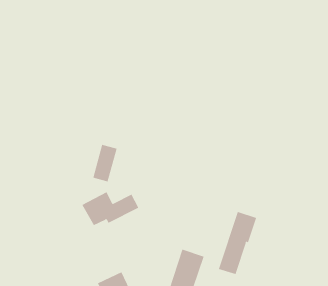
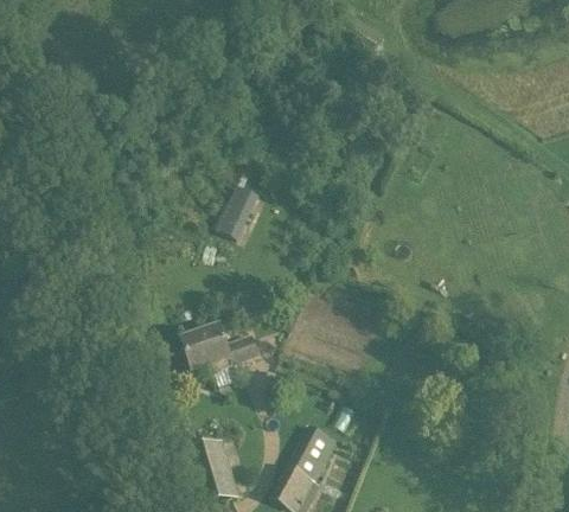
building: [92,144,118,182] -> [217,183,258,237]
building: [218,211,257,275] -> none

